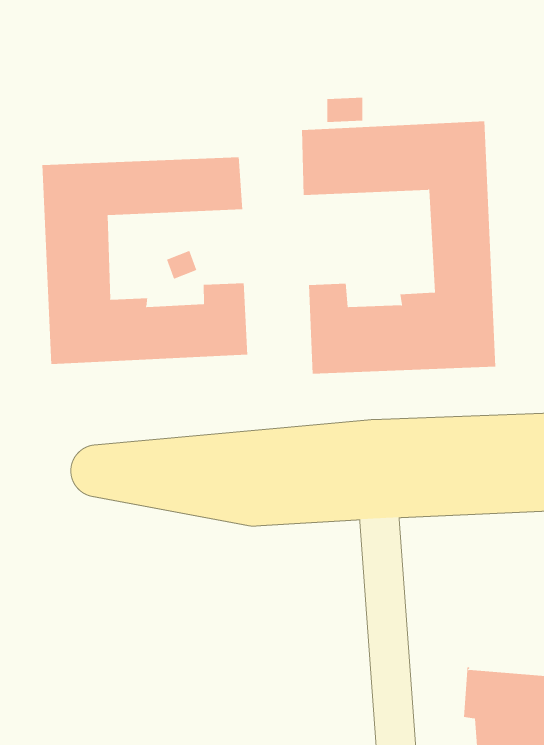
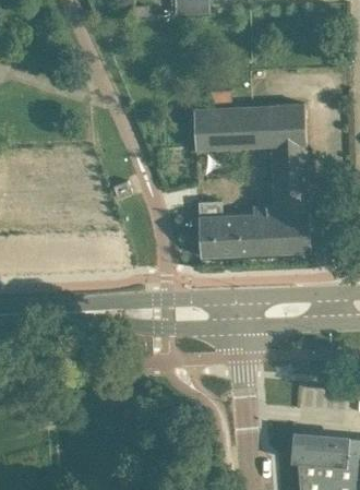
building: [42,157,248,365] -> none

